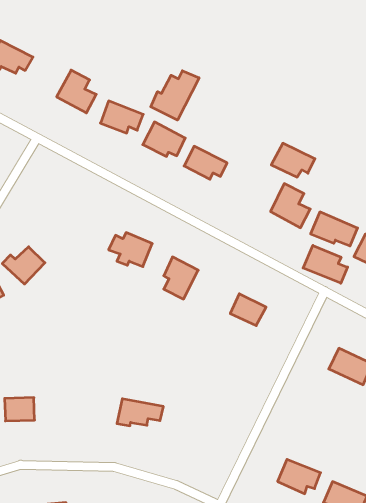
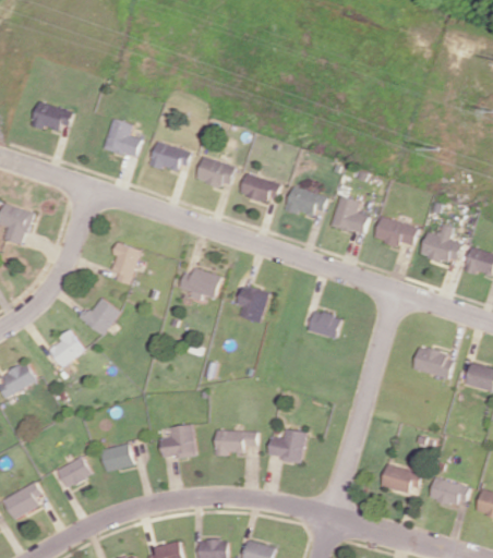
building: [151,71,199,120] -> none
building: [271,143,315,177] -> [285,186,326,217]
building: none -> [111,242,141,284]
building: [303,245,348,283] -> none
building: none -> [160,424,195,459]
building: none -> [267,428,305,462]

